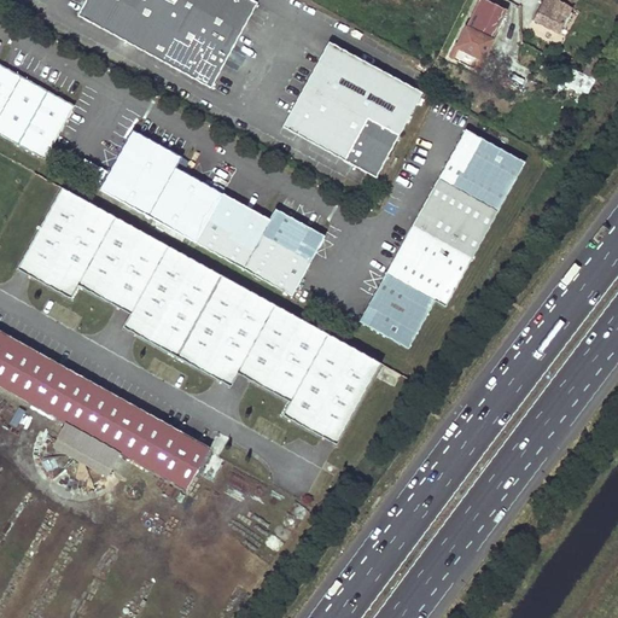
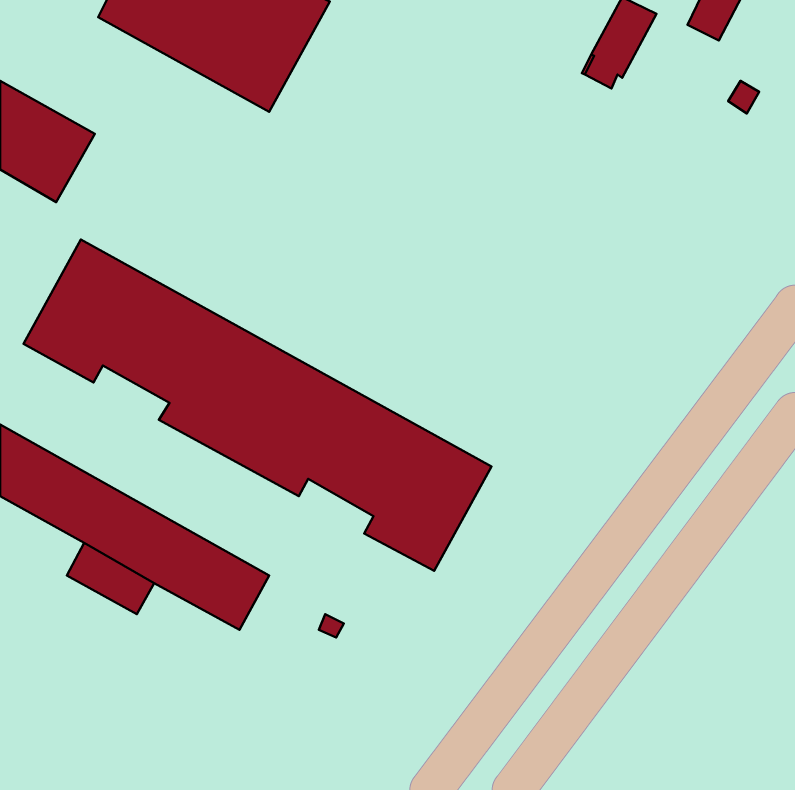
building: [280,40,420,176] -> none
building: [100,129,323,293] -> none
building: [360,129,525,345] -> none

